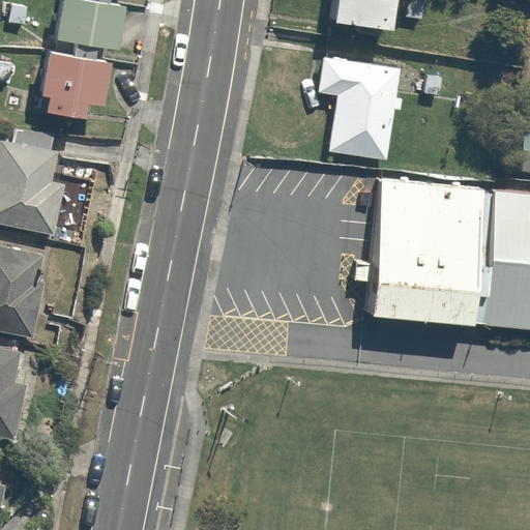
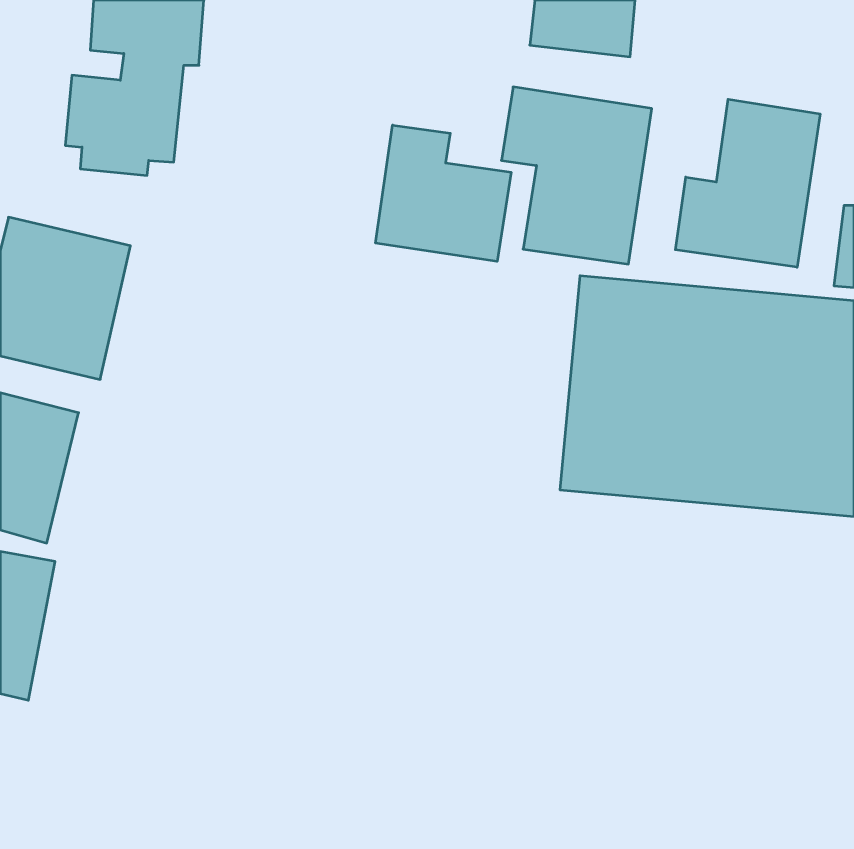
building: none -> [675,99,820,267]
building: none -> [376,125,511,261]

